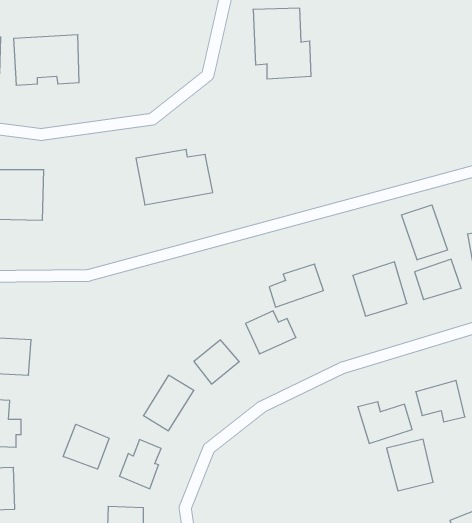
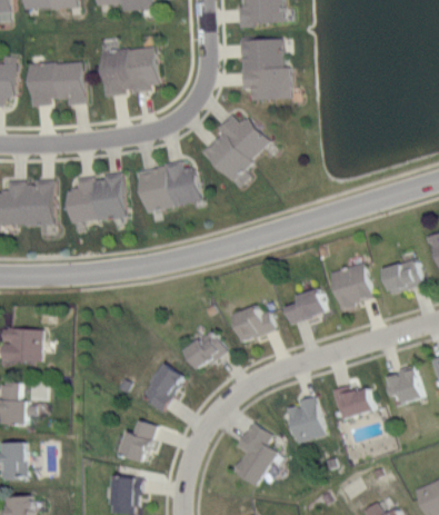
building: none -> [97,44,161,96]
building: none -> [201,113,271,188]
building: none -> [68,174,127,221]
building: [402,205,447,260] -> none
building: [269,264,323,307] -> [282,288,330,326]
building: [63,424,109,469] -> none
building: [387,439,433,491] -> [283,398,325,444]
building: none -> [231,420,276,485]

